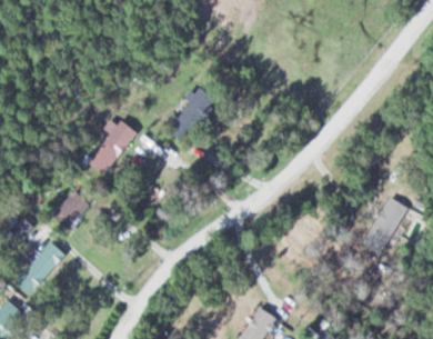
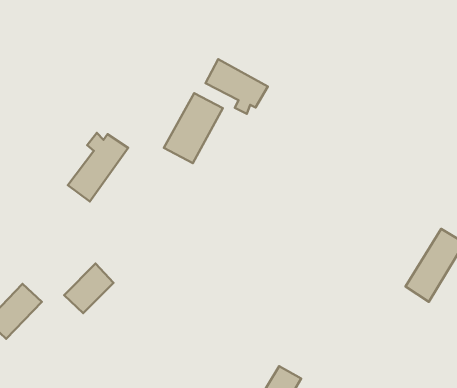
building: none -> [206,59,268,114]
building: [51,189,91,229] -> [64,264,113,313]

